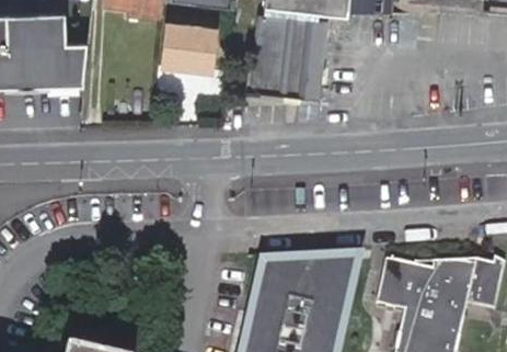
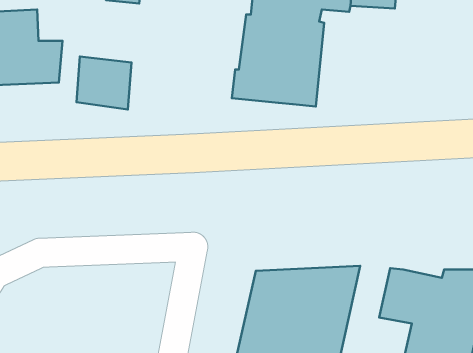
building: [161,18,211,66] -> [76,57,132,109]

